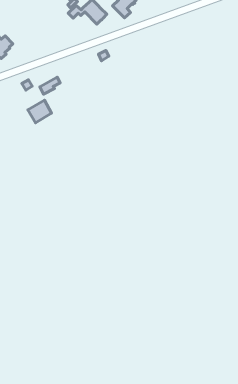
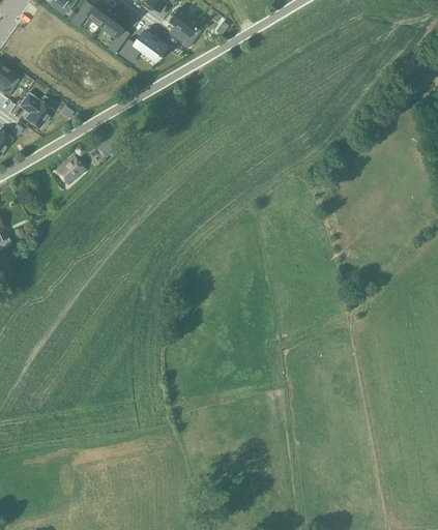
building: [28,100,51,123] -> [55,154,85,184]

